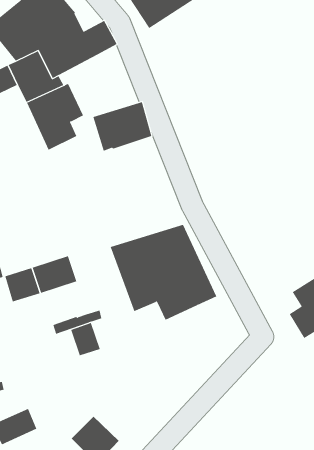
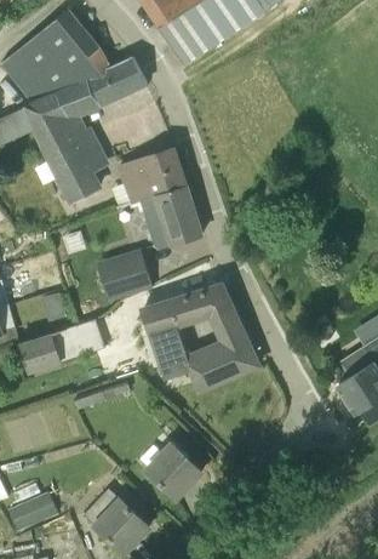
building: none -> [142,186,201,247]
building: none -> [96,247,153,302]
building: [70,322,101,356] -> none
building: none -> [145,441,201,498]

